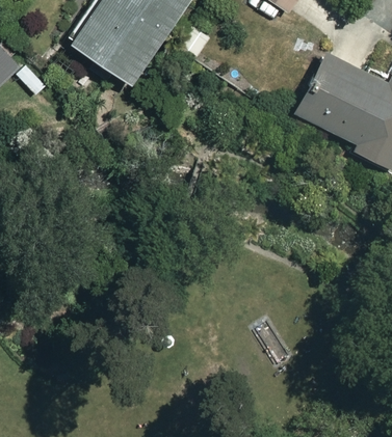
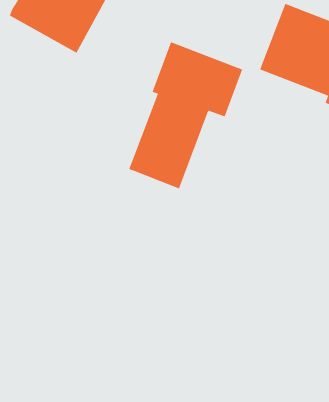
building: none -> [128,41,243,189]

